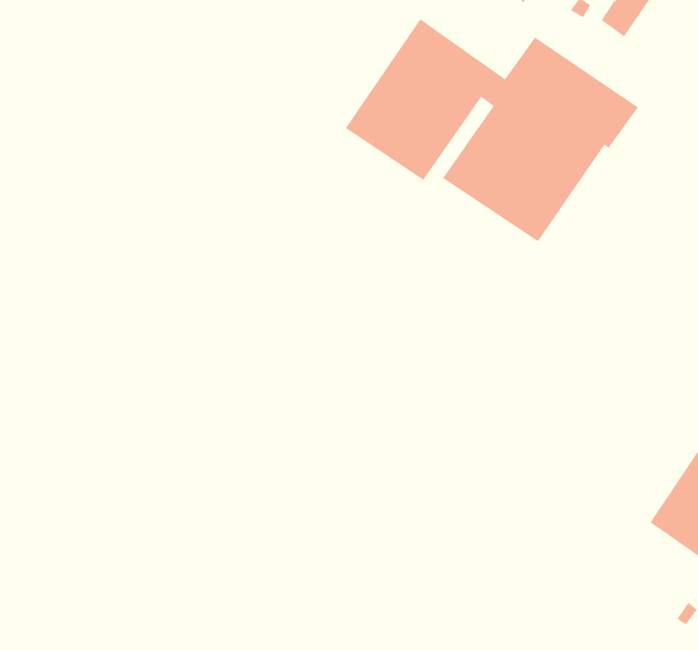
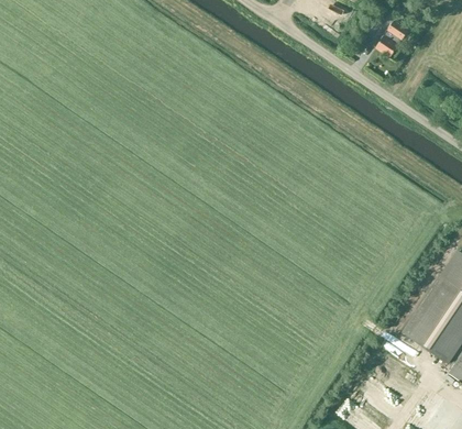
building: [345,18,639,242] -> none

